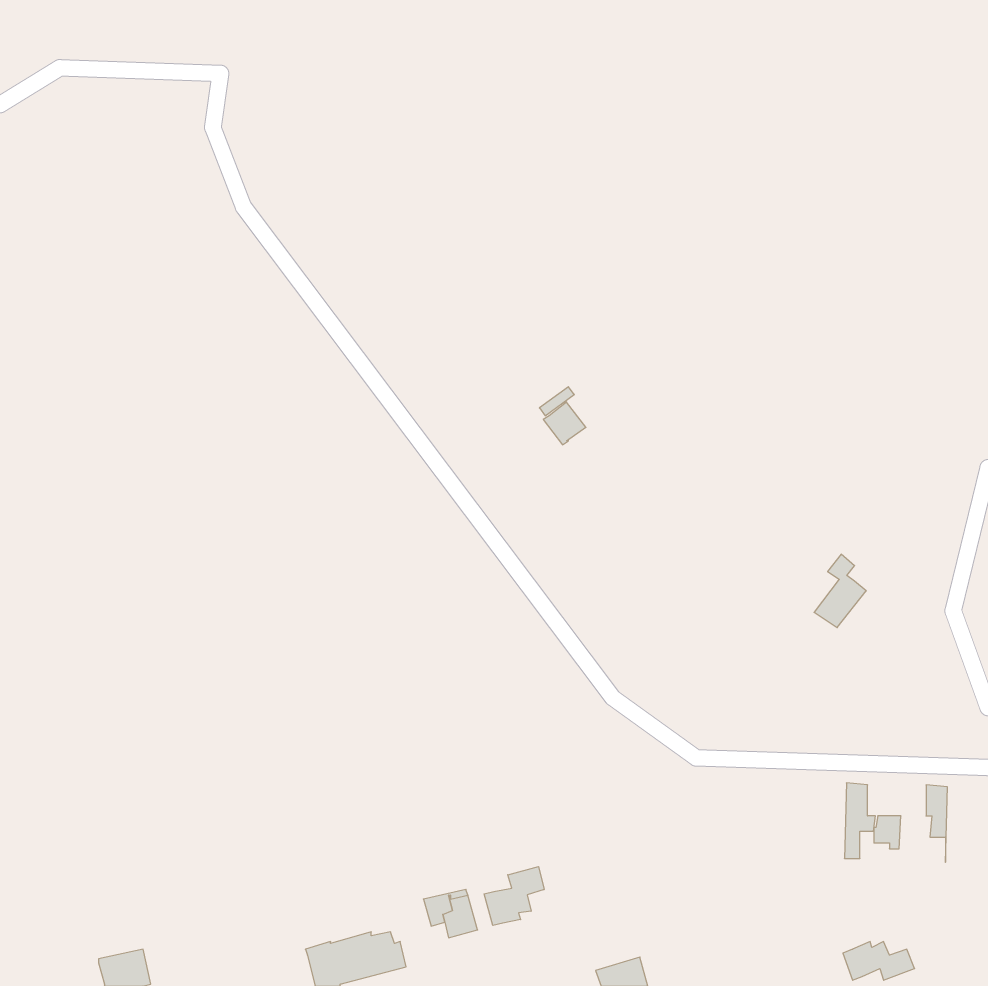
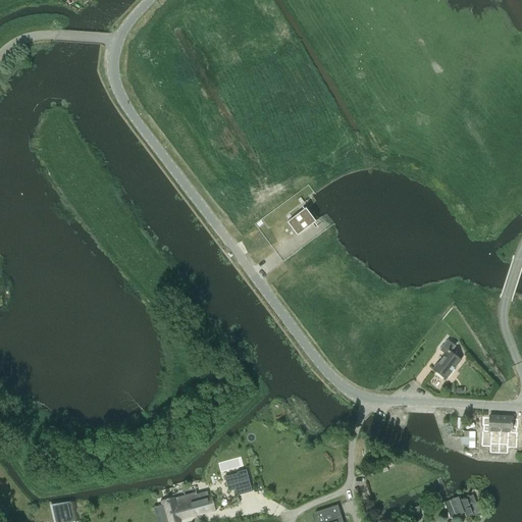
building: [814,554,866,628] -> [432,341,460,379]
building: [844,783,875,858] -> [499,415,515,455]
building: [484,867,544,925] -> none

